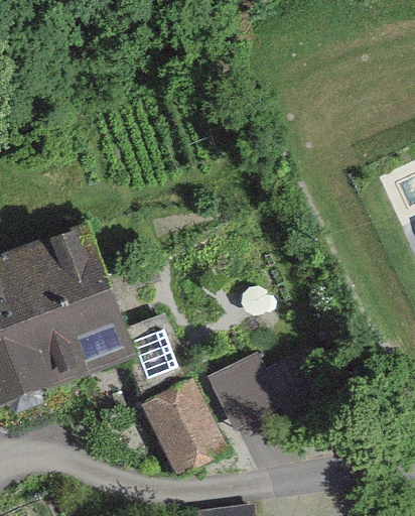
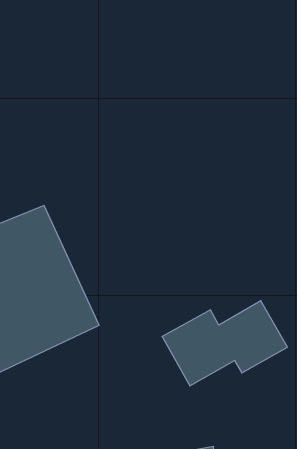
building: [139,376,227,474] -> none

